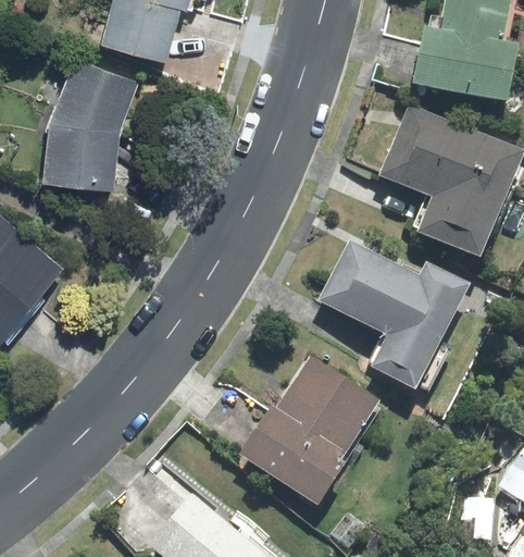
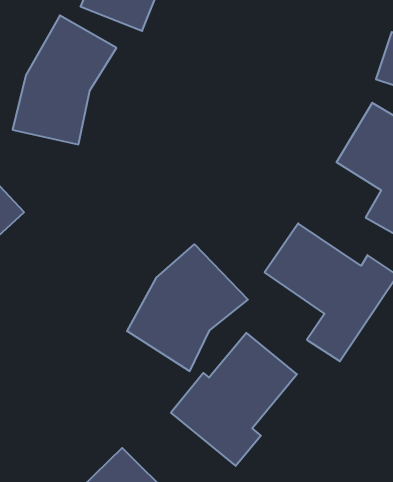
building: none -> [127,244,248,371]

